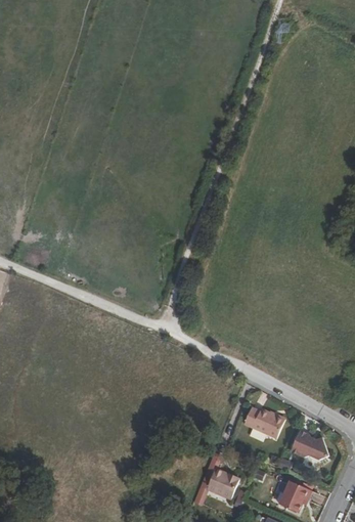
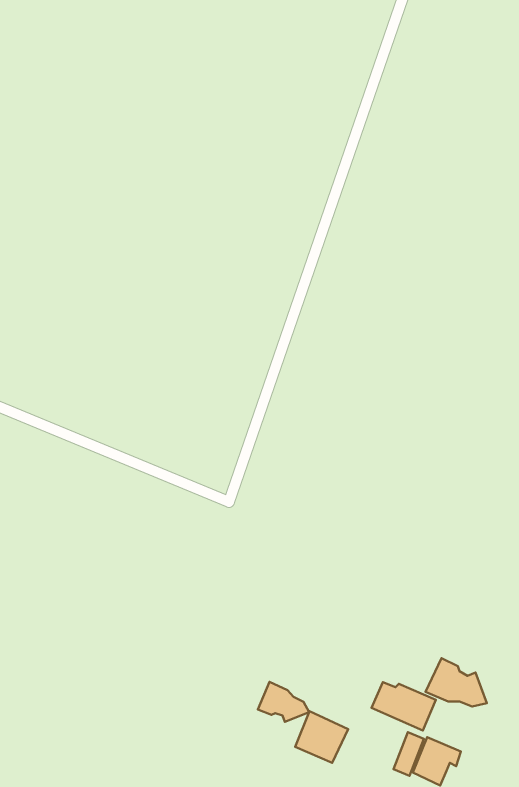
building: [242,407,283,438] -> [371,682,436,730]
building: none -> [258,682,309,722]

